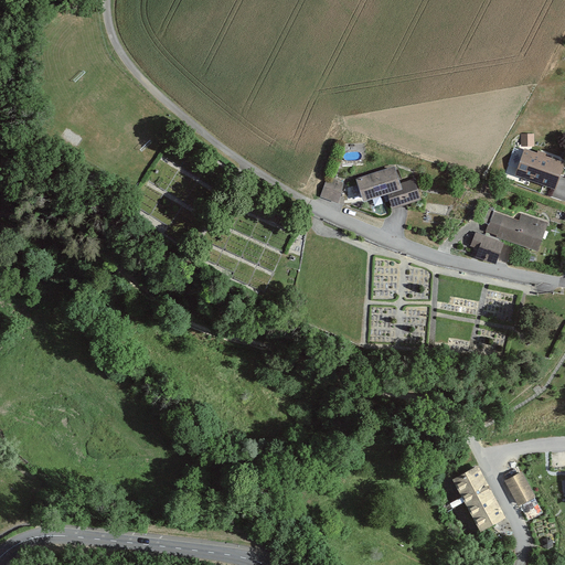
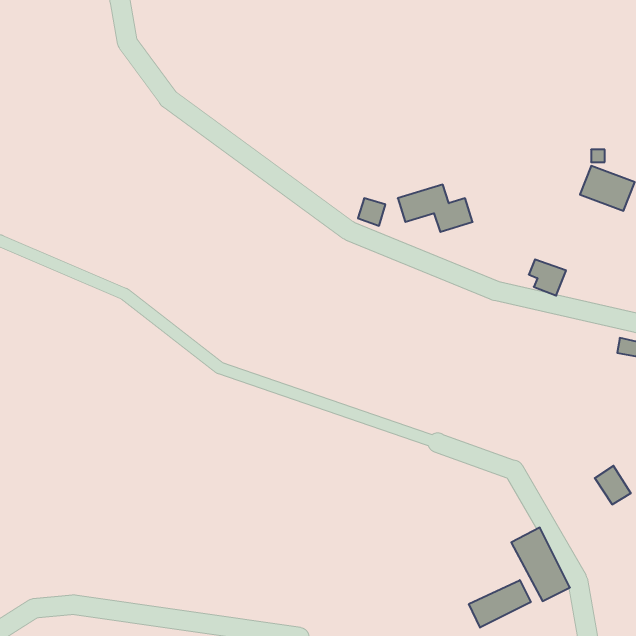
building: [486,211,547,250] -> none
building: [505,473,537,508] -> [595,466,631,504]
building: none -> [469,580,531,628]

